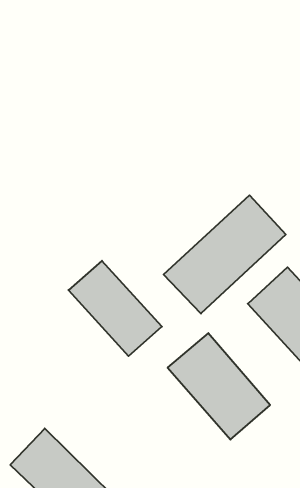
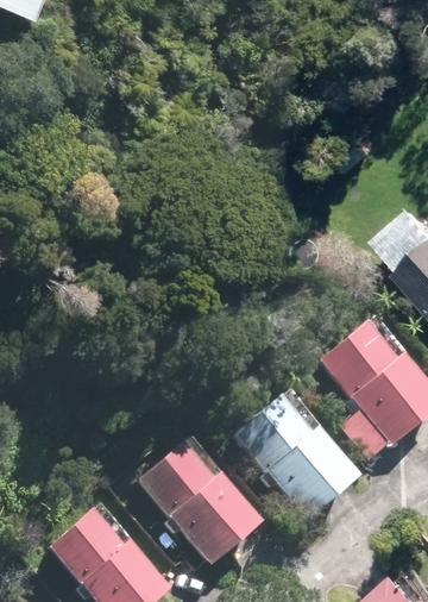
building: [164,195,286,314] -> none
building: [68,261,162,356] -> [146,446,256,558]

